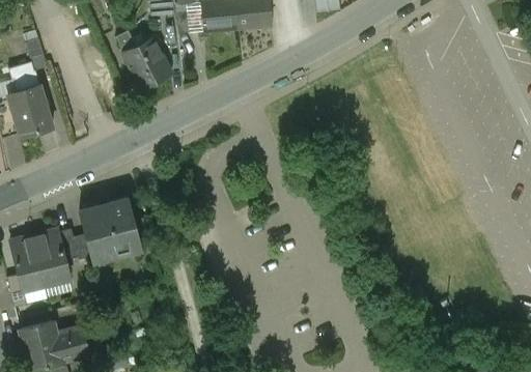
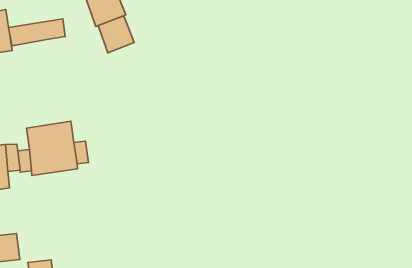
building: none -> [98,16,134,53]
building: none -> [9,19,65,46]

